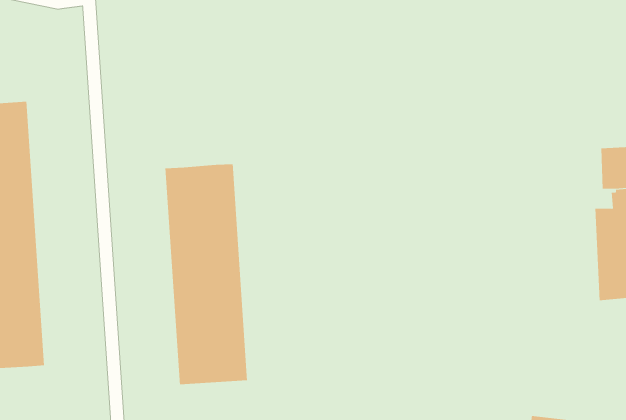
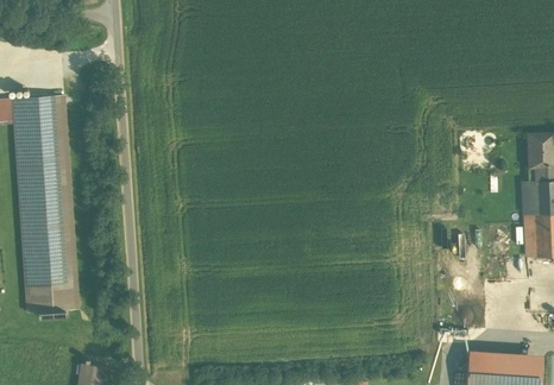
building: [165,163,248,385] -> none

